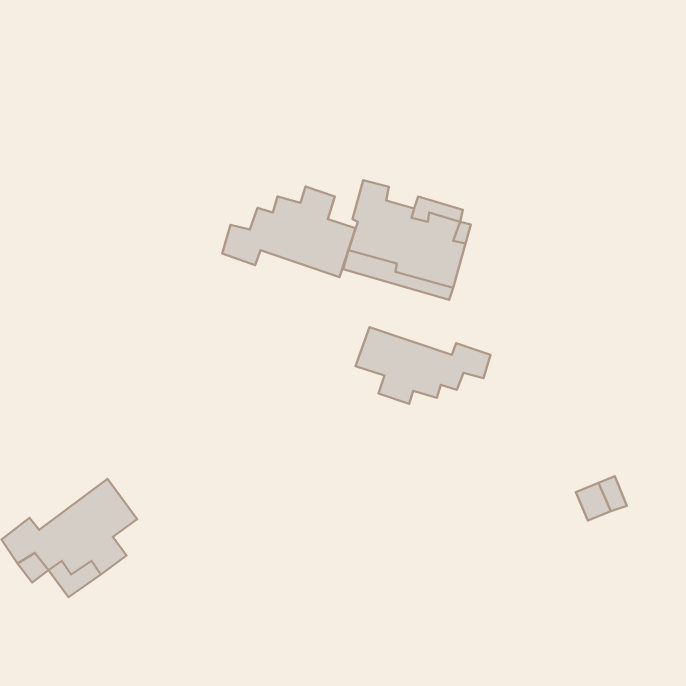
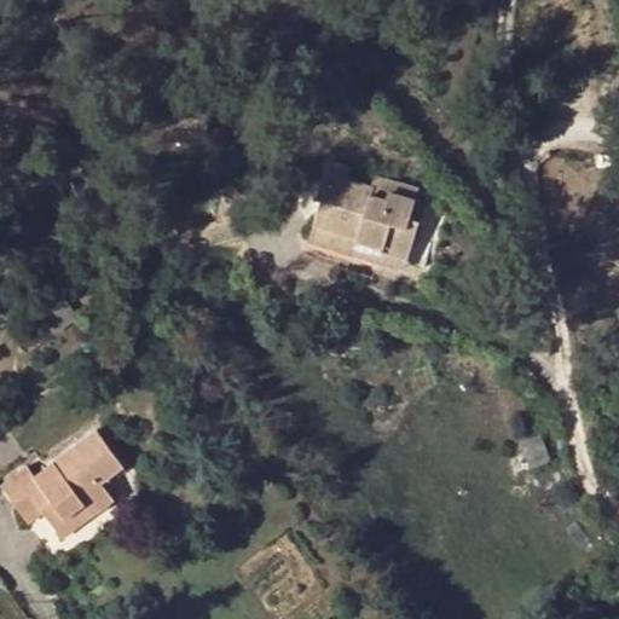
building: [222,187,356,277] -> none
building: [356,327,490,404] -> none

